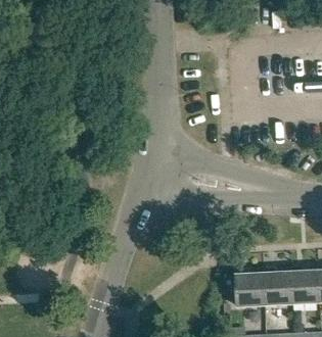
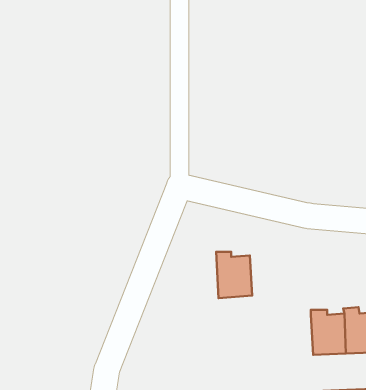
building: [234,270,264,307] -> [216,252,252,298]

